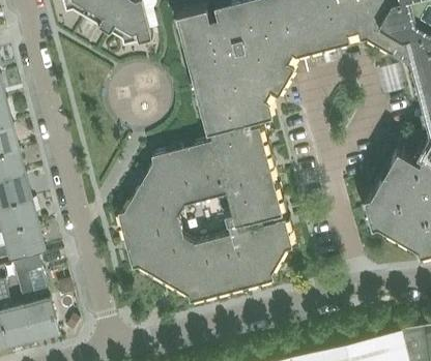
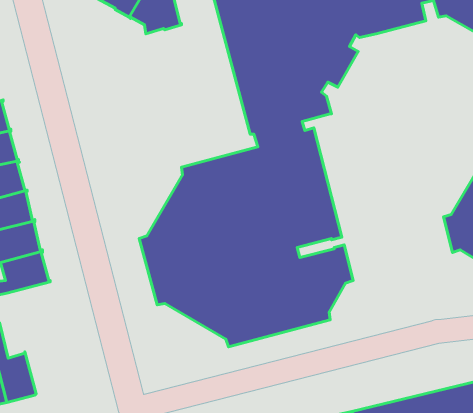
building: [12,262,58,343] -> none

